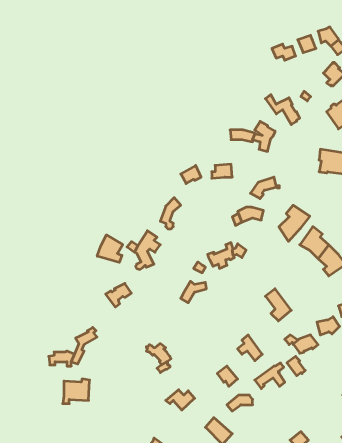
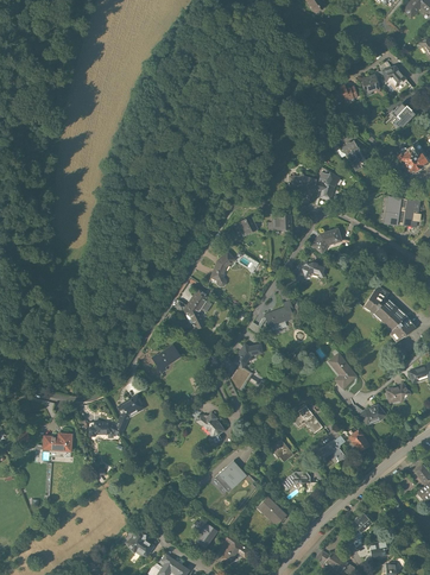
building: [279,205,310,241] -> none
building: [97,235,123,262] -> none
building: [63,379,90,404] -> [40,432,70,460]

